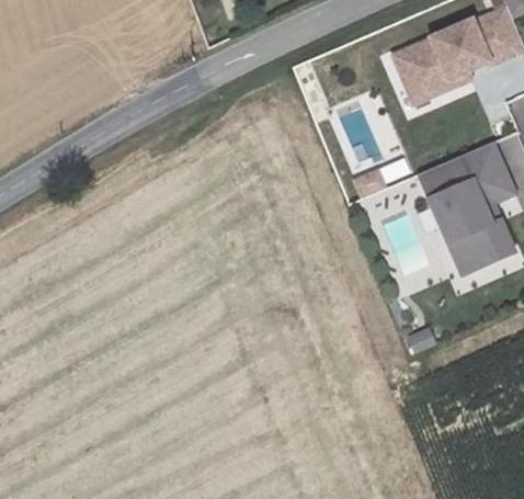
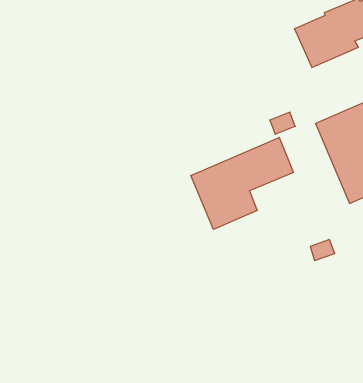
building: none -> [191,137,293,229]

